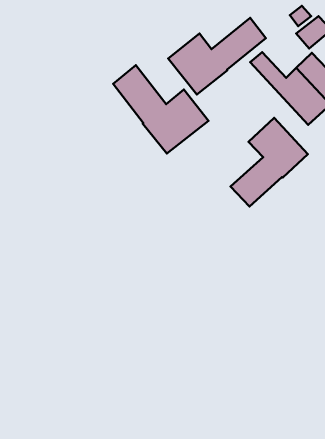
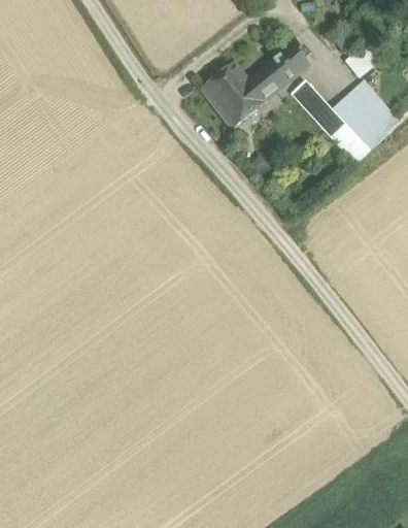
building: [113,65,208,154] -> none
building: [231,118,308,207] -> none

